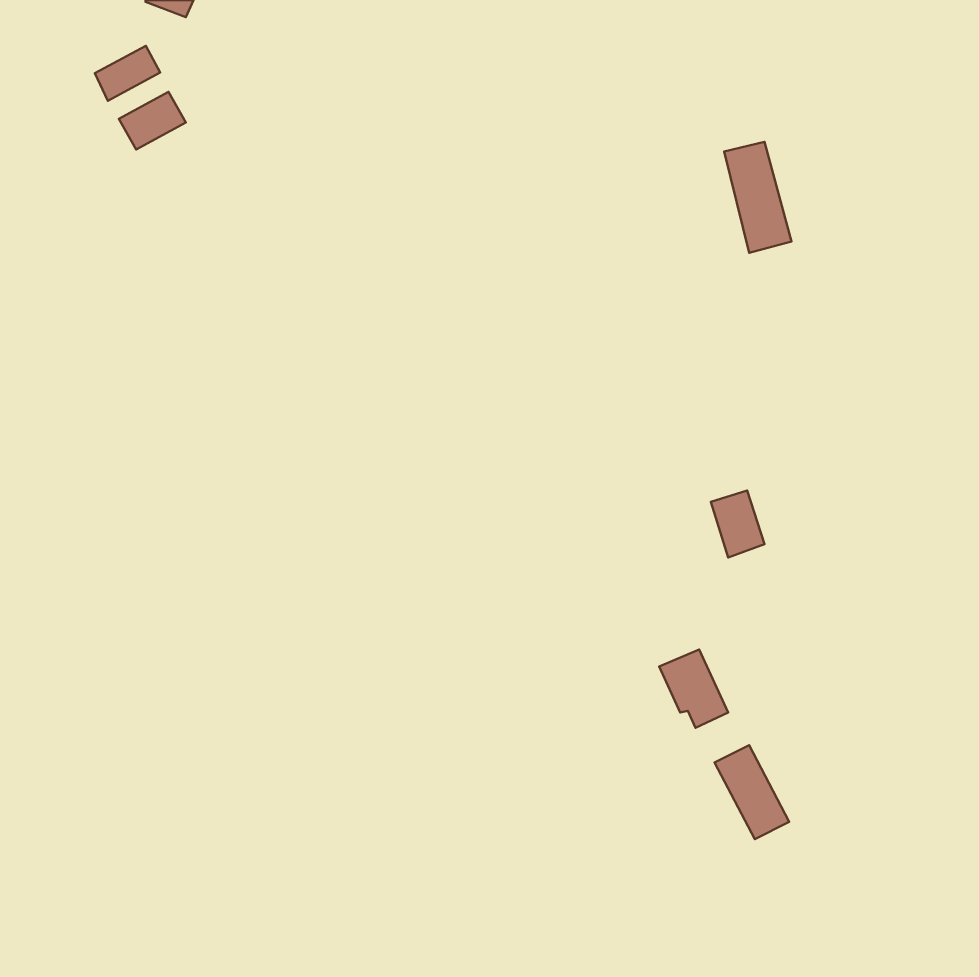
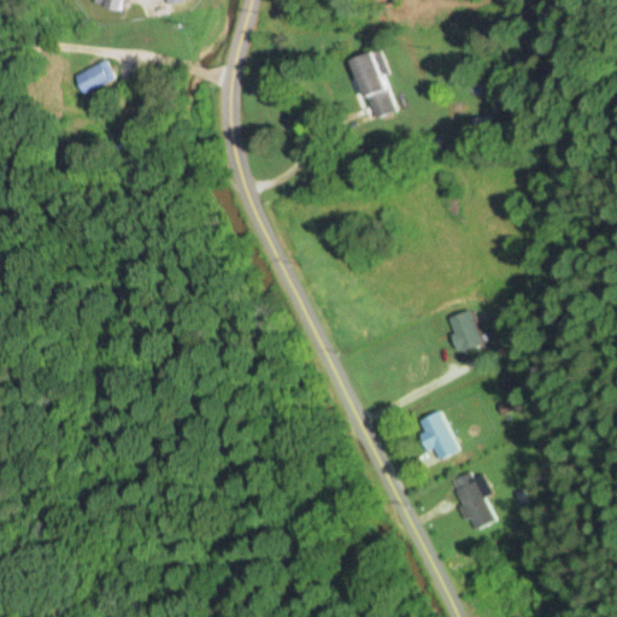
building: [95,46,160,101] -> none
building: [724,142,791,253] -> [354,49,396,119]

